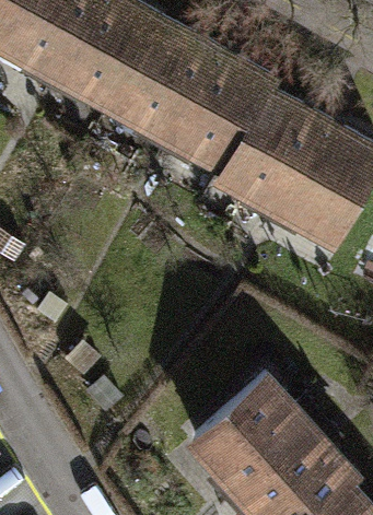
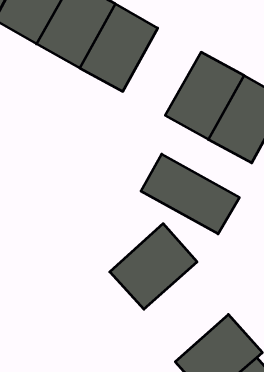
building: [165,54,268,168] -> none
building: none -> [141,154,239,234]
building: [189,379,304,492] -> [110,224,197,309]

